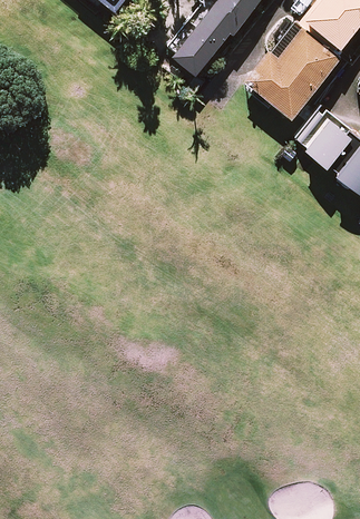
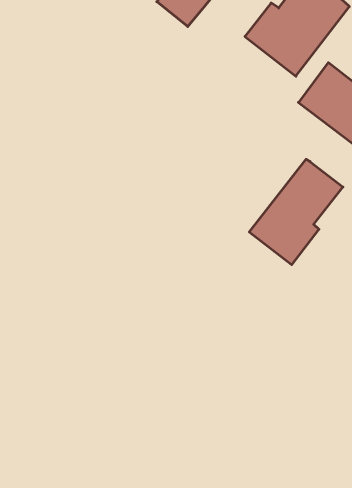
building: none -> [249,159,343,265]

